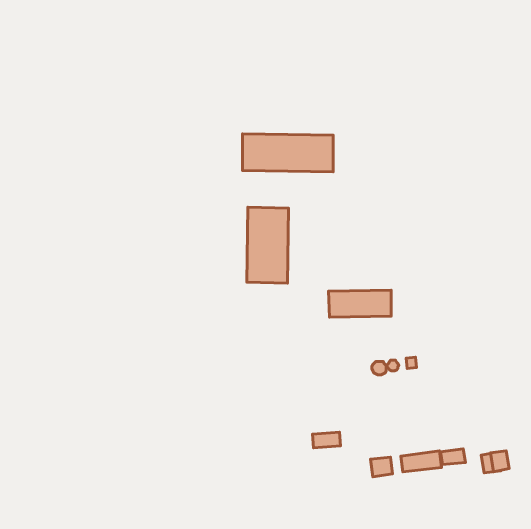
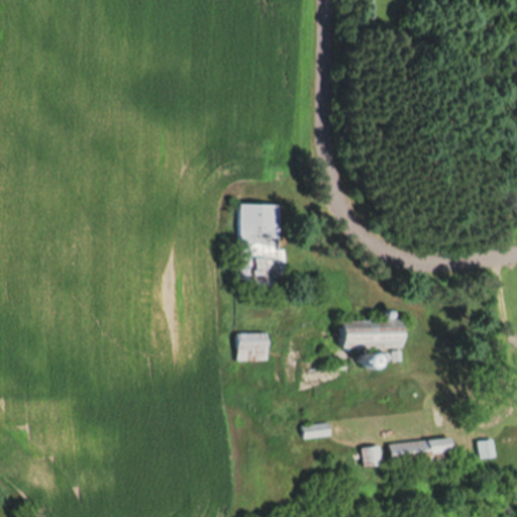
building: [242,134,333,172] -> none
building: [329,290,391,317] -> [342,321,403,347]
building: none -> [240,332,269,360]

